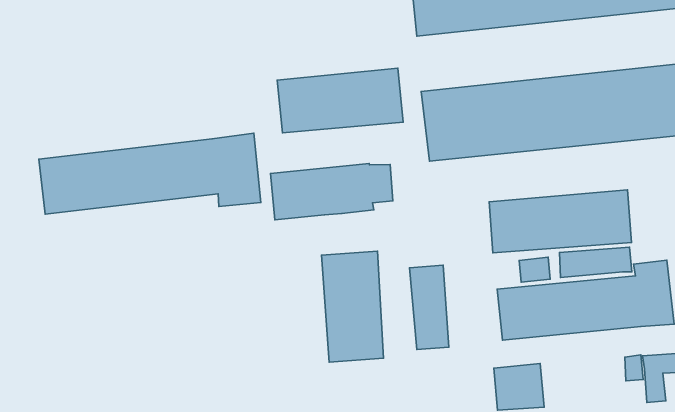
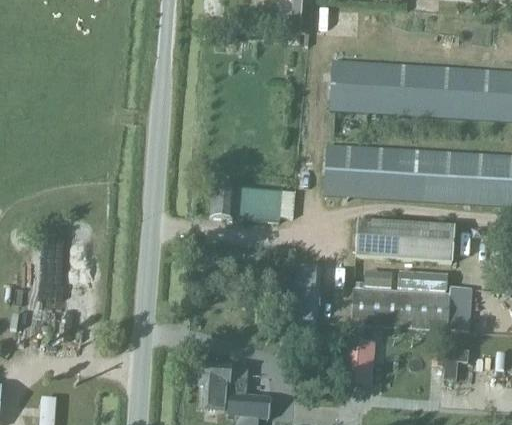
building: [277,68,403,133] -> none
building: [39,133,261,214] -> none
building: [321,251,384,362] -> none

